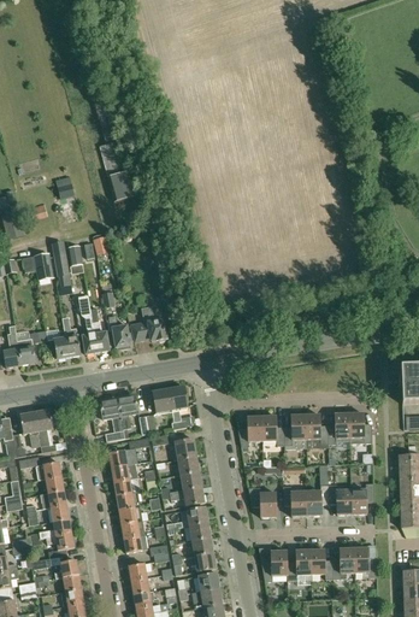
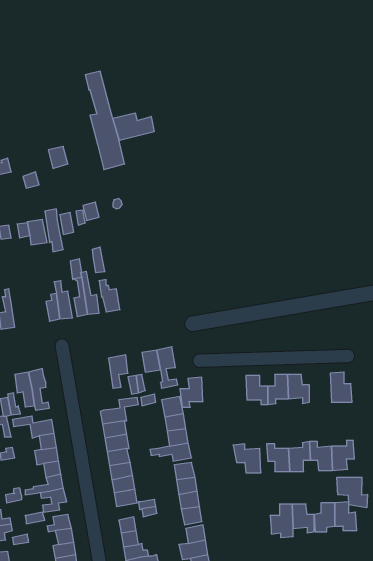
building: none -> [113,113,154,141]
building: [130,307,166,341] -> none
building: [17,330,48,364] -> none
building: [100,396,124,440] -> none
building: [327,412,350,442] -> none
building: [238,415,262,446] -> [180,377,203,407]
building: none -> [337,477,367,508]
building: [261,550,288,580] -> none

